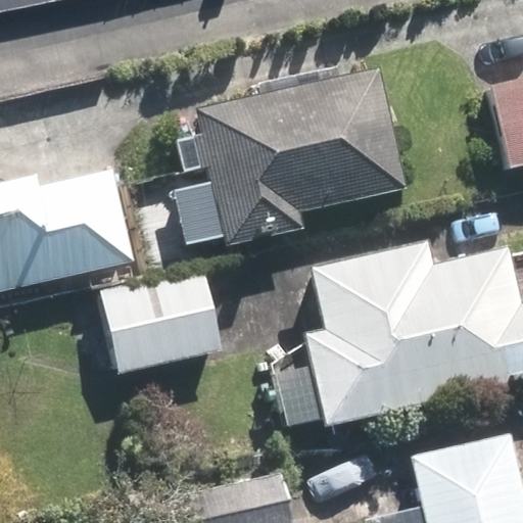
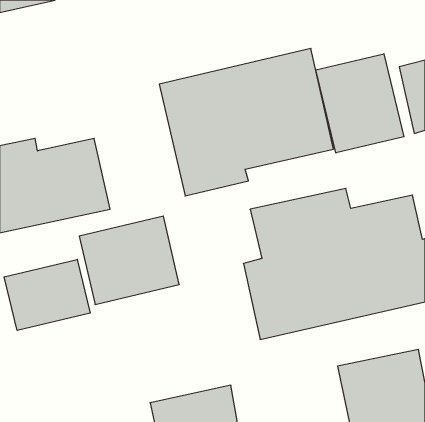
building: none -> [316,54,404,153]
building: none -> [4,259,90,330]

